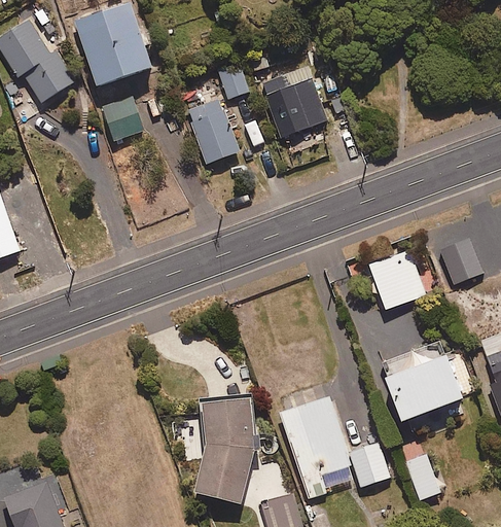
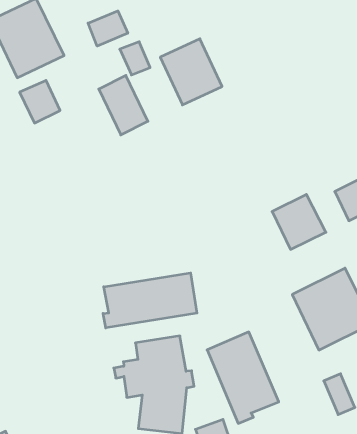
building: none -> [88,11,128,46]
building: none -> [103,273,197,328]
building: [350,443,390,487] -> none

